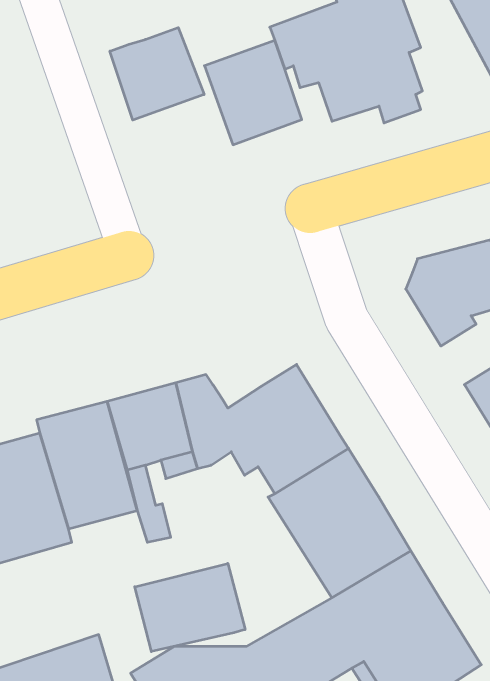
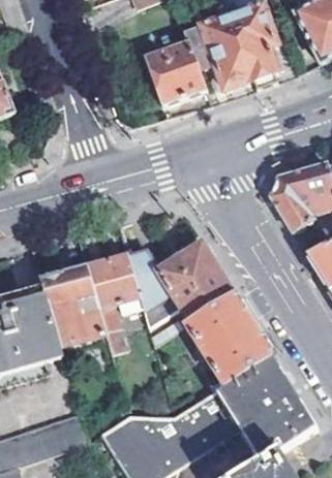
building: [110,28,204,120] -> none
building: [135,563,245,652] -> none

